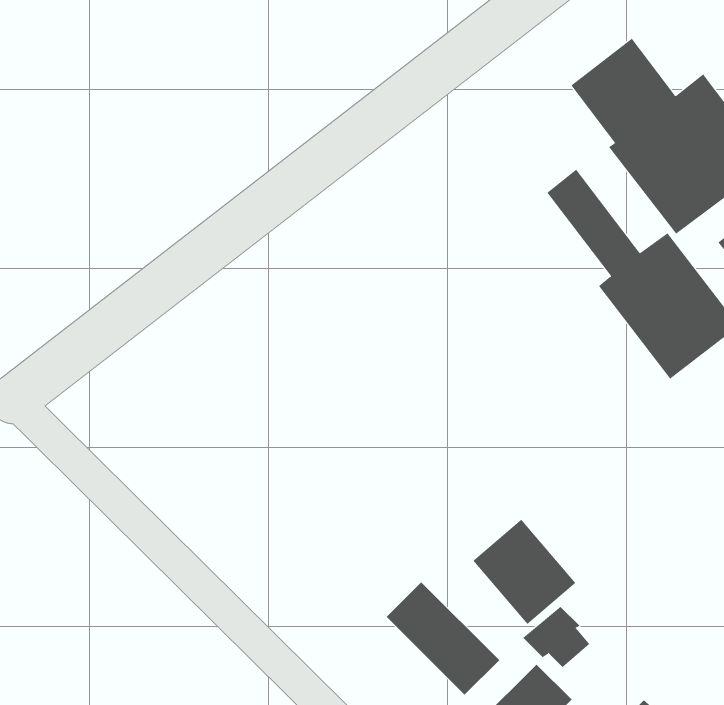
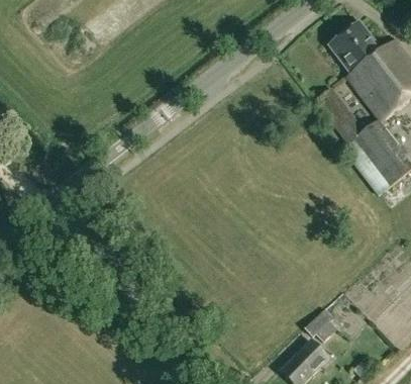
building: [472,519,576,625] -> none
building: [386,582,500,696] -> none

